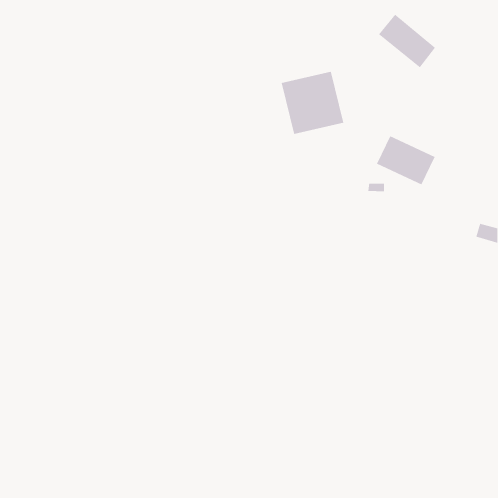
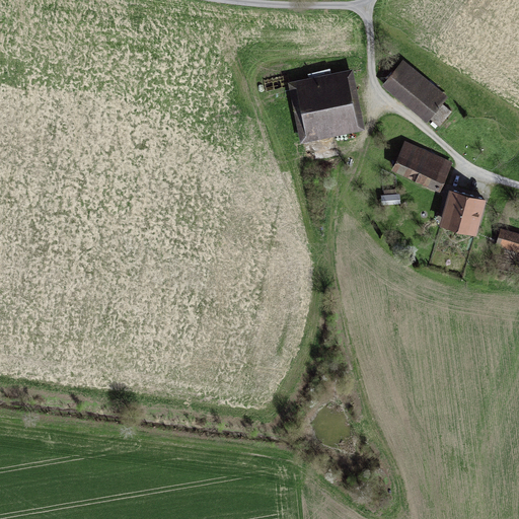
building: [378,14,436,68] -> [385,61,445,118]
building: none -> [440,189,486,233]

